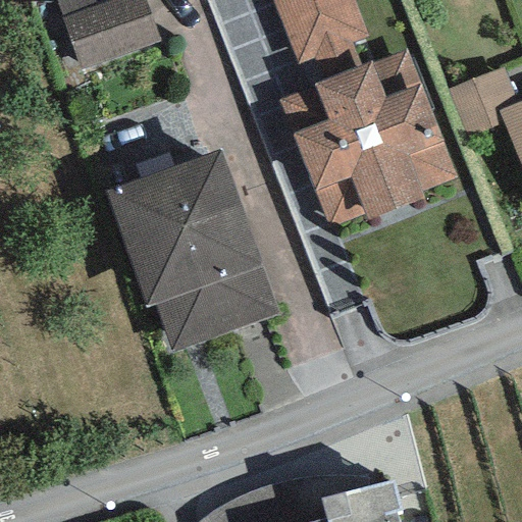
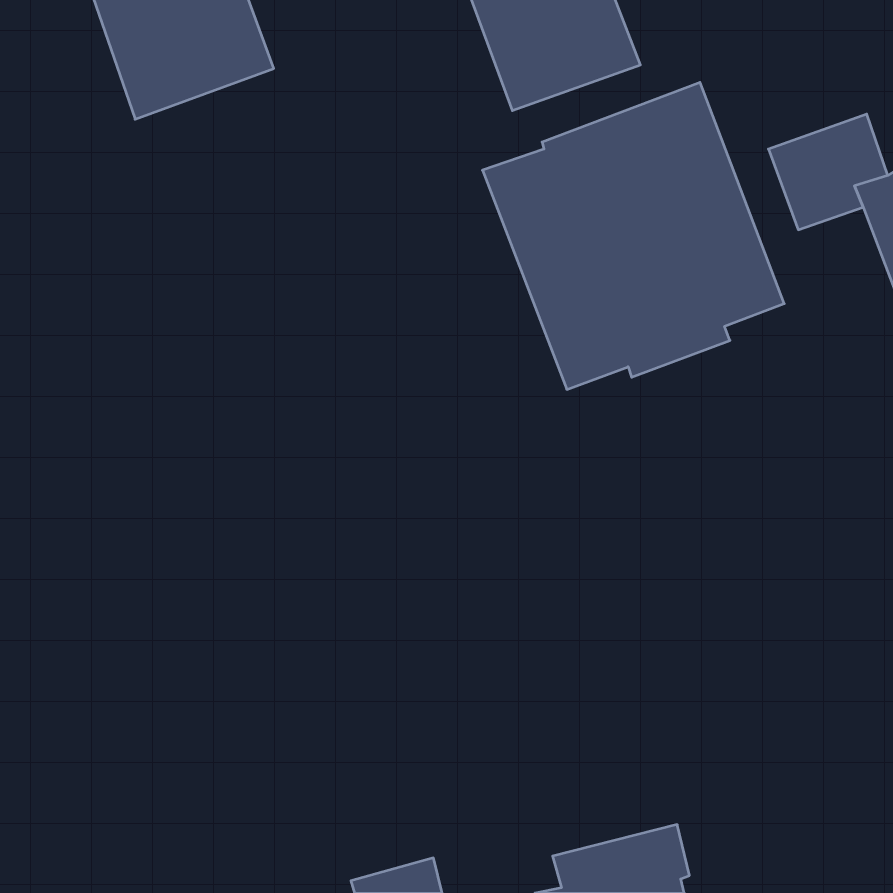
building: [106,150,278,350] -> none

